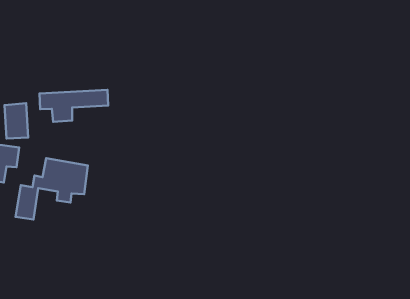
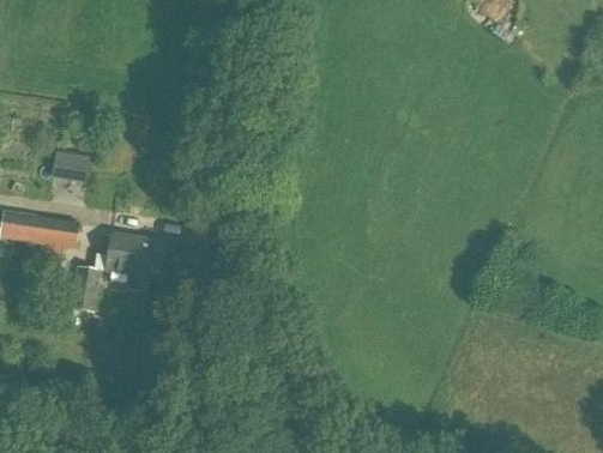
building: [40,90,108,122] -> none

